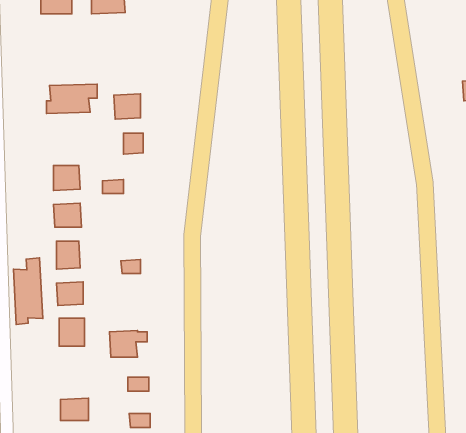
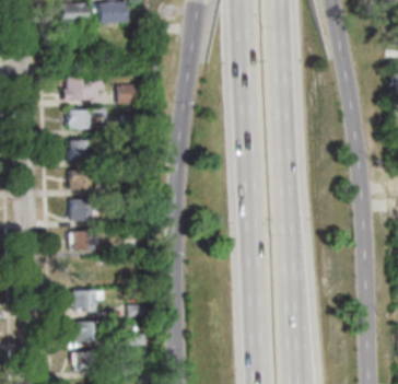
building: none -> [69,107,105,128]
building: [13,258,43,324] -> none
building: [109,331,147,357] -> [73,290,103,311]

